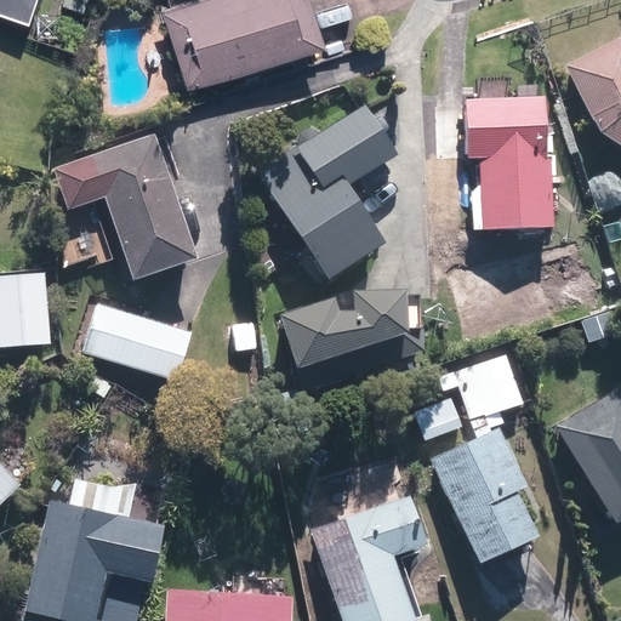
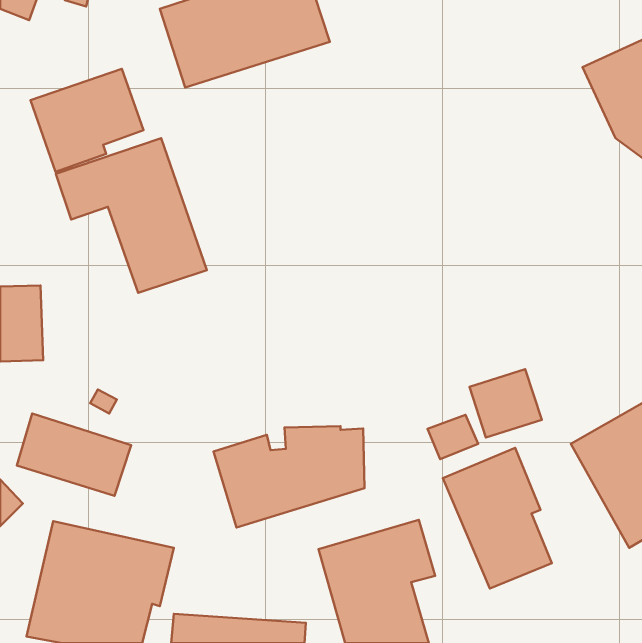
building: none -> [31,69,144,172]
building: [437,97,552,229] -> none
building: [255,108,392,280] -> none
building: [278,290,422,387] -> [214,426,365,528]
building: [89,301,198,380] -> [17,414,131,496]

